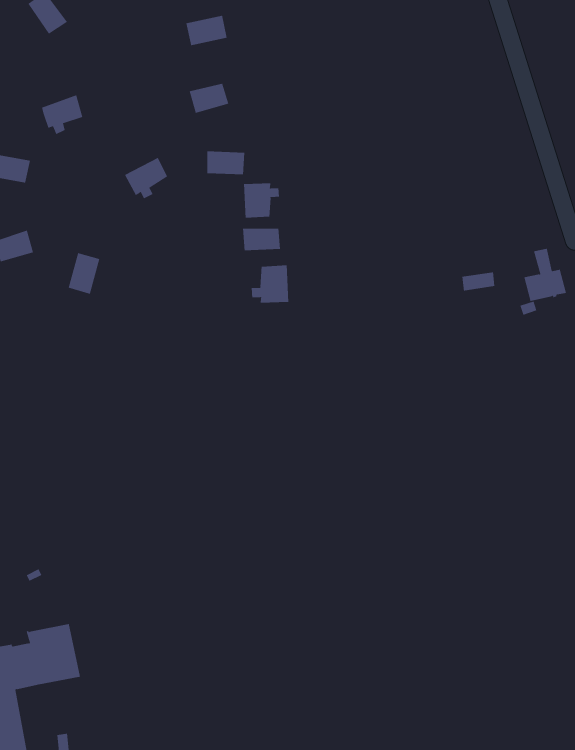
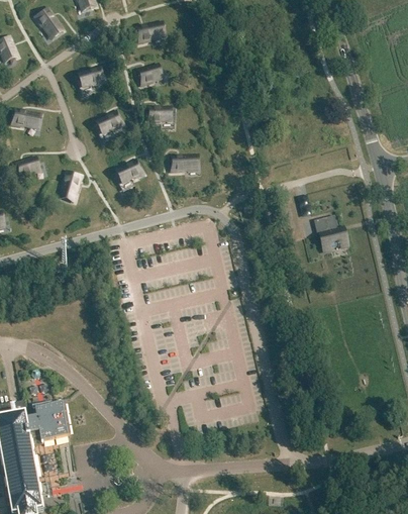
building: [41,95,83,135] -> [79,68,105,93]
building: [244,183,279,219] -> none
building: none -> [116,161,143,187]
building: [523,248,567,301] -> [319,216,346,249]
building: [251,265,289,304] -> none

